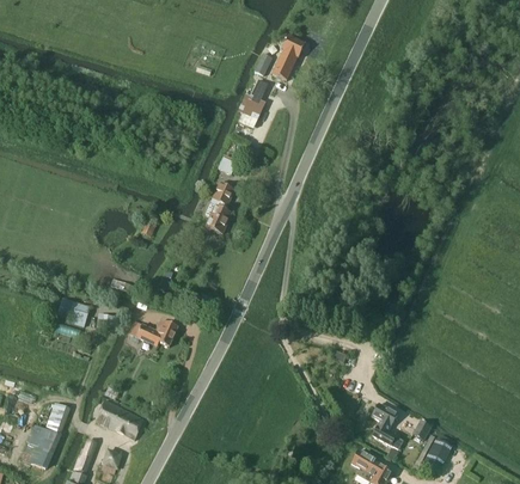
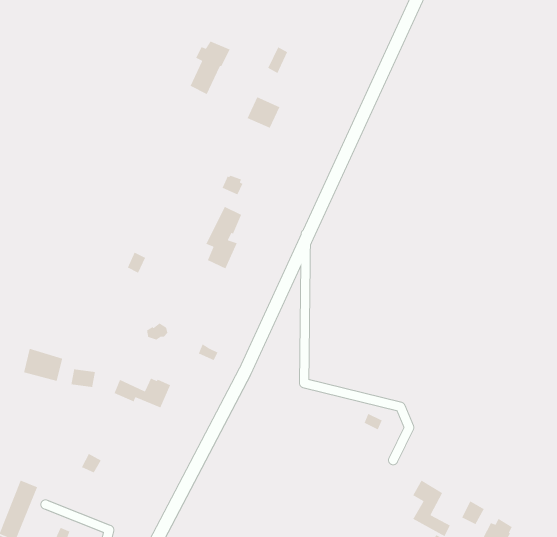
building: [271,36,305,80] -> [189,40,231,95]
building: [94,399,143,439] -> none

